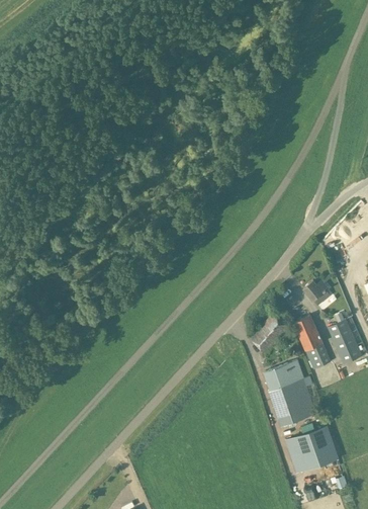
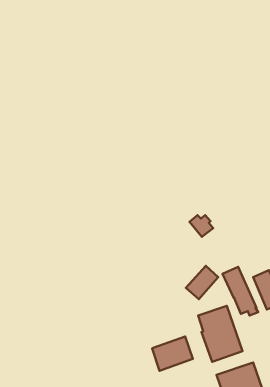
building: [303,280,331,306] -> [190,215,213,237]
building: none -> [152,337,193,371]

